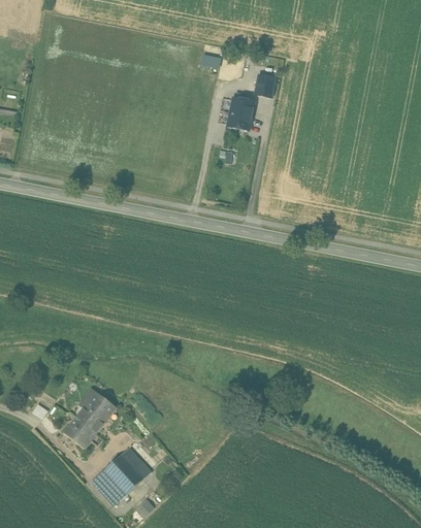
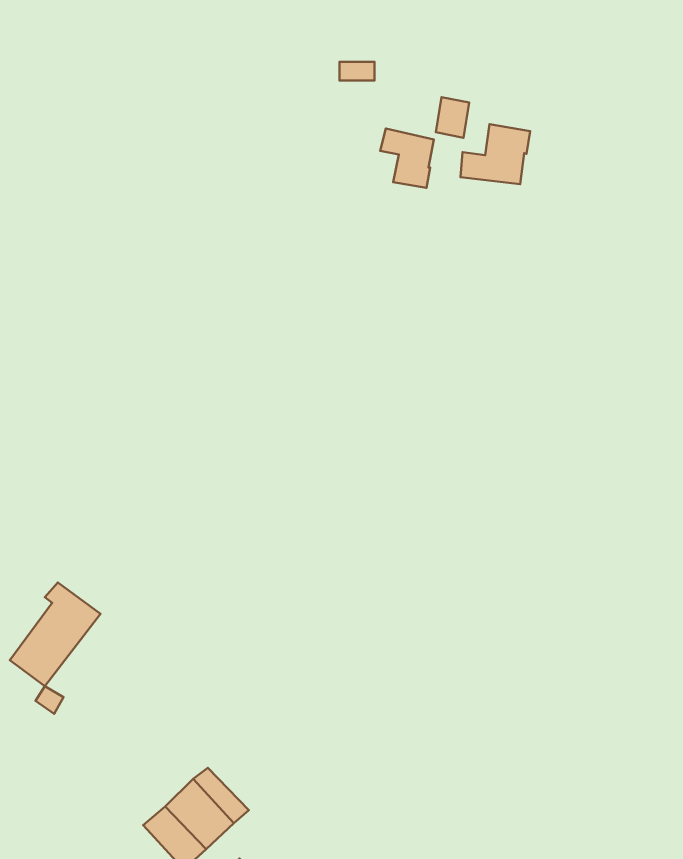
building: none -> [460,124,530,184]
building: [64,389,115,447] -> [10,582,100,686]

